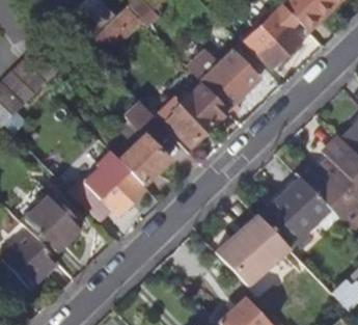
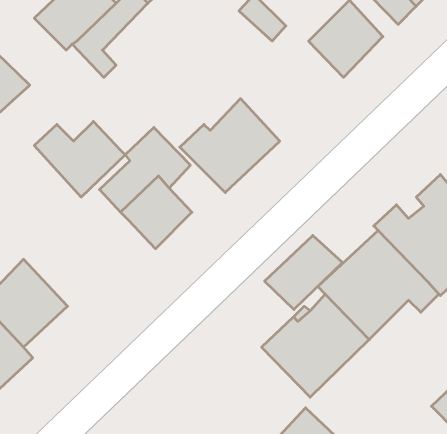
building: [200,50,260,106] -> none
building: [84,165,146,217] -> [34,121,125,197]
building: none -> [265,235,342,310]

